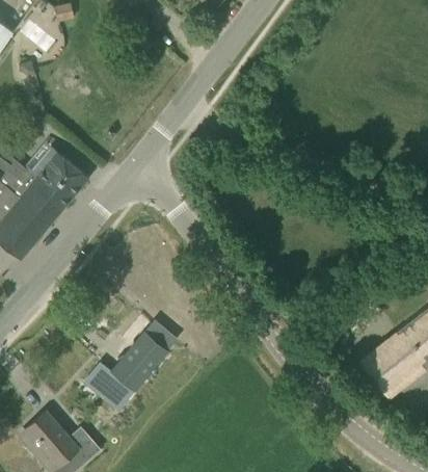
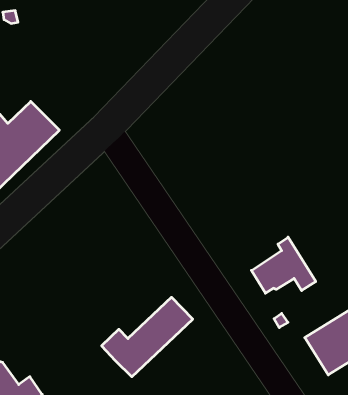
building: none -> [251,237,316,293]
building: [83,324,172,410] -> [102,297,193,377]

